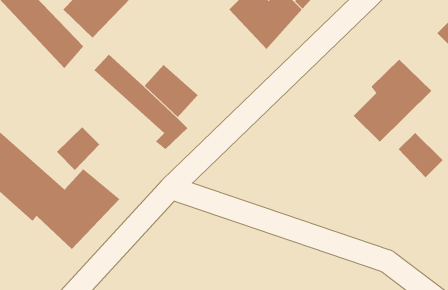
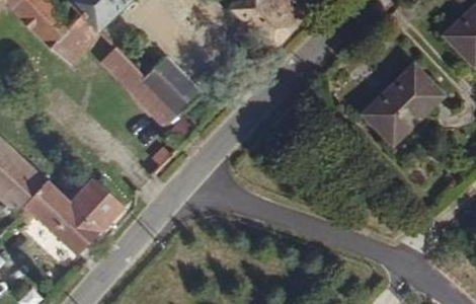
building: [56,127,100,171] -> none
building: [398,132,443,178] -> none

